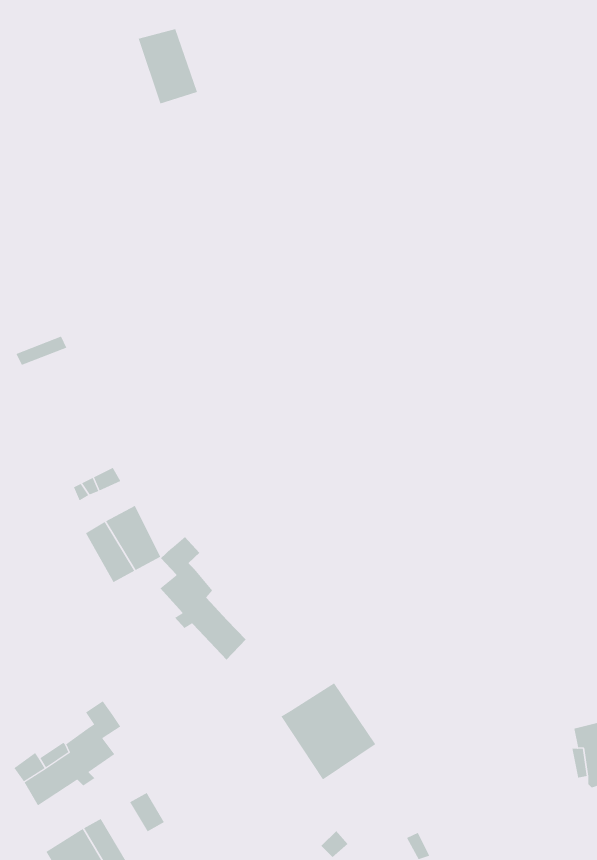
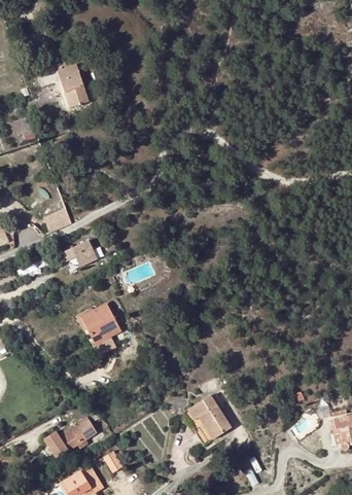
building: [138,29,198,104] -> [58,67,89,106]
building: none -> [61,240,96,267]
building: [160,536,246,660] -> none

